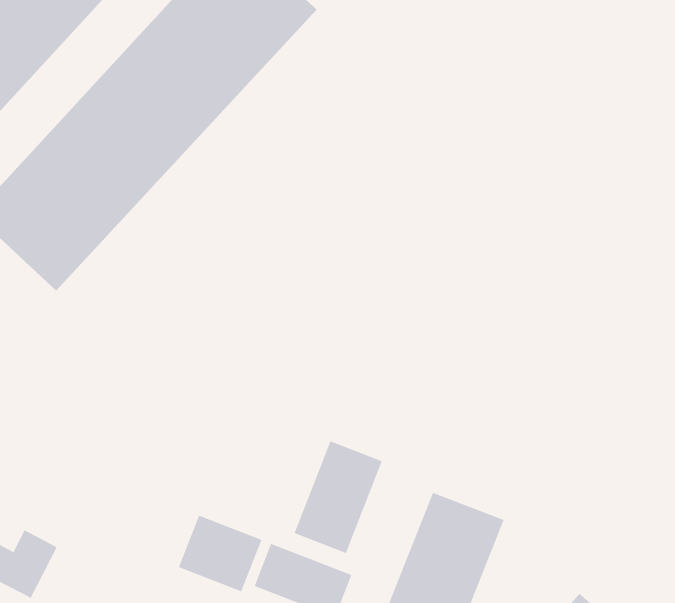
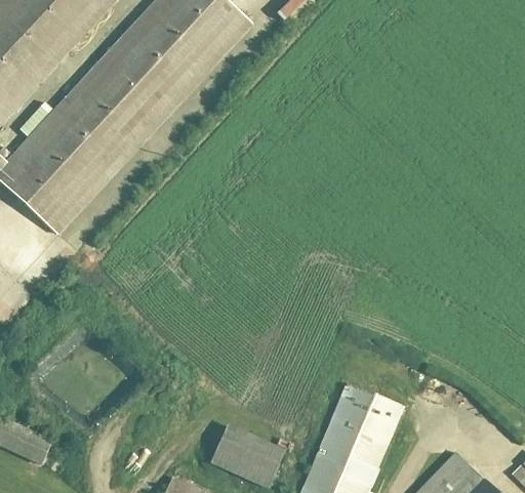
building: [294,440,382,554] -> none
building: [178,515,262,592] -> none

